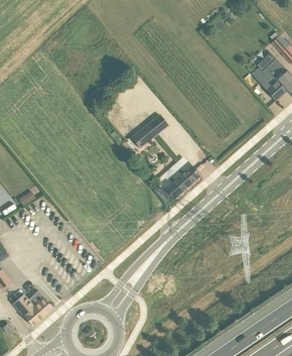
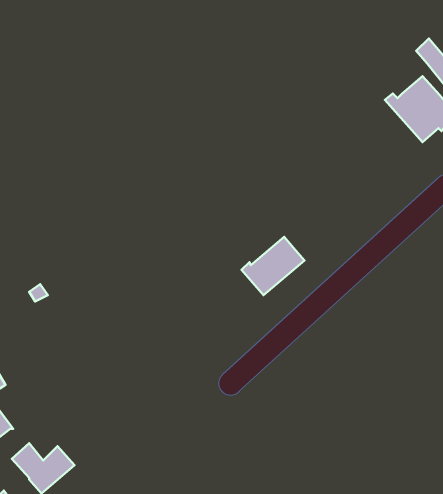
building: [130,114,168,147] -> none

